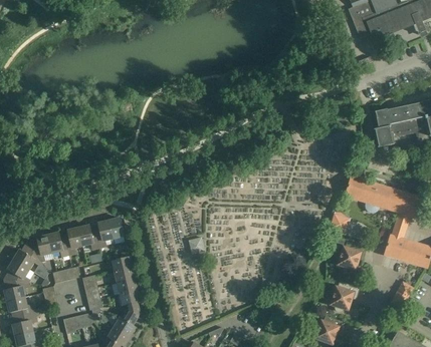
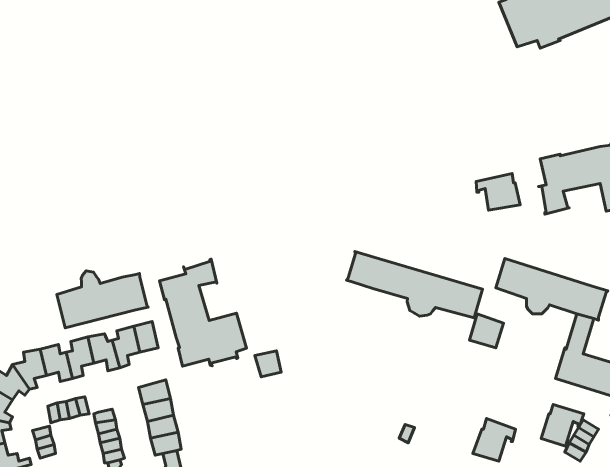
building: none -> [476,173,520,210]
building: none -> [346,251,483,318]
building: none -> [160,259,247,366]
building: none -> [57,271,148,328]
building: [338,242,366,269] -> [541,405,584,446]

